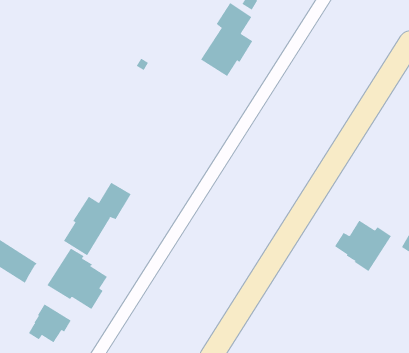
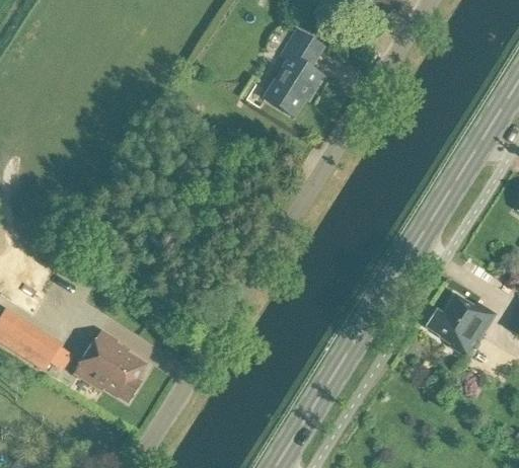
building: [63,182,132,256] -> none
building: [28,303,72,343] -> none

